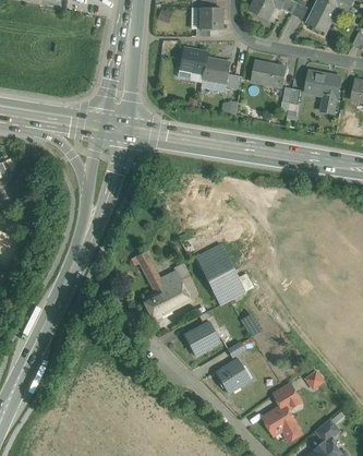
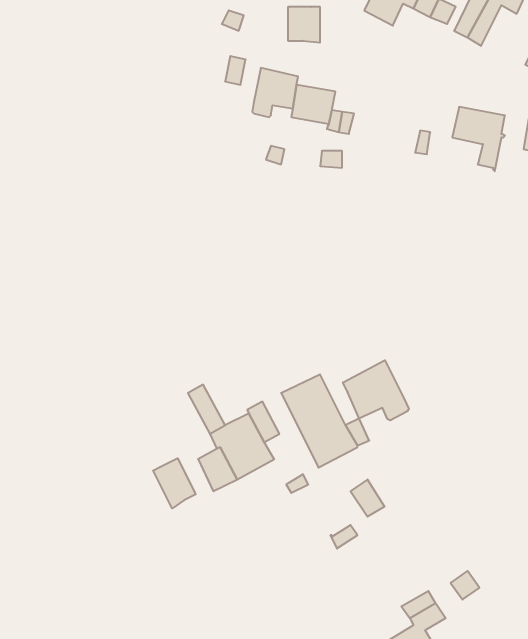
building: [251,61,286,87] -> none
building: none -> [343,360,409,420]
building: none -> [153,458,196,508]
building: [183,321,219,355] -> none
building: [215,358,251,394] -> none

